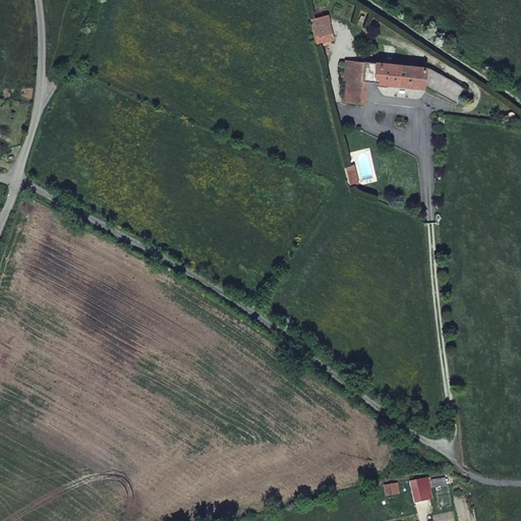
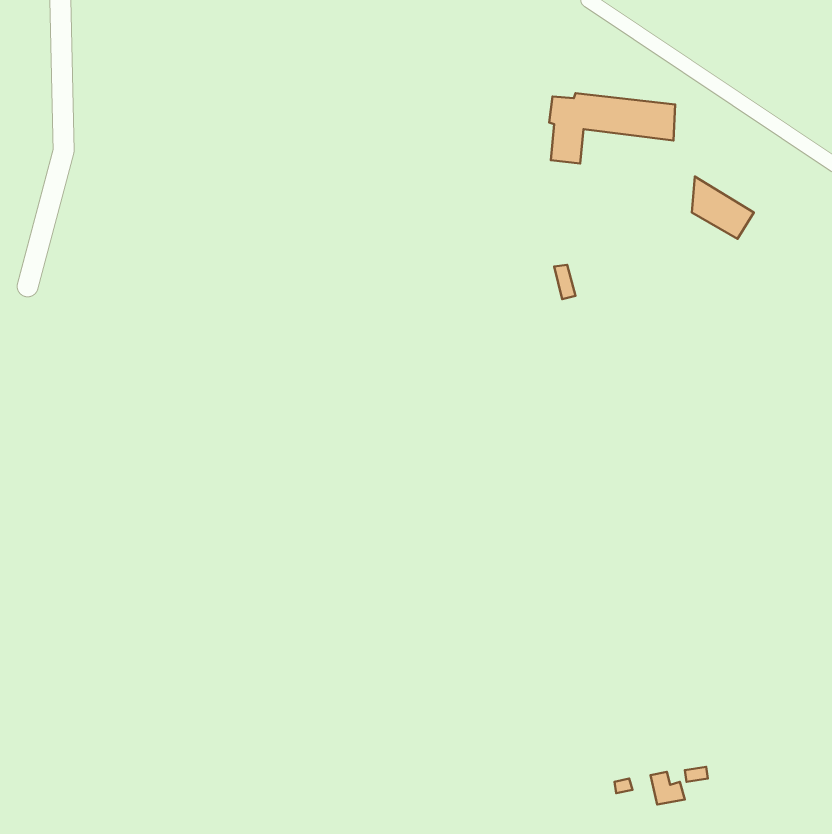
building: [311,14,335,44] -> none
building: [426,66,465,105] -> [692,177,754,239]

